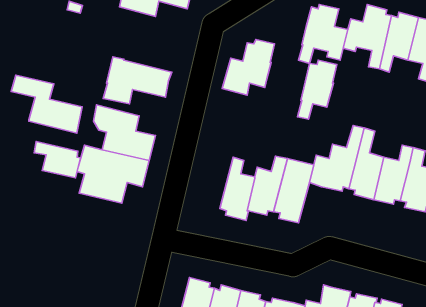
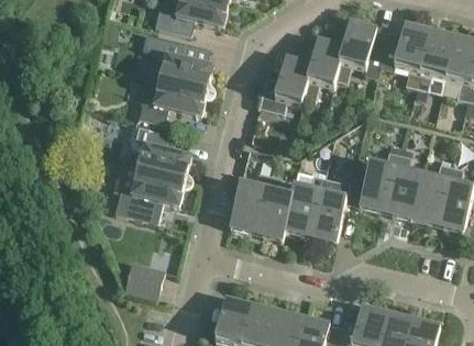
building: [297,60,337,119] -> [304,41,343,100]
building: [11,75,82,133] -> [142,33,213,91]
building: [34,141,80,178] -> none
building: none -> [229,174,269,232]
building: none -> [124,267,164,299]

